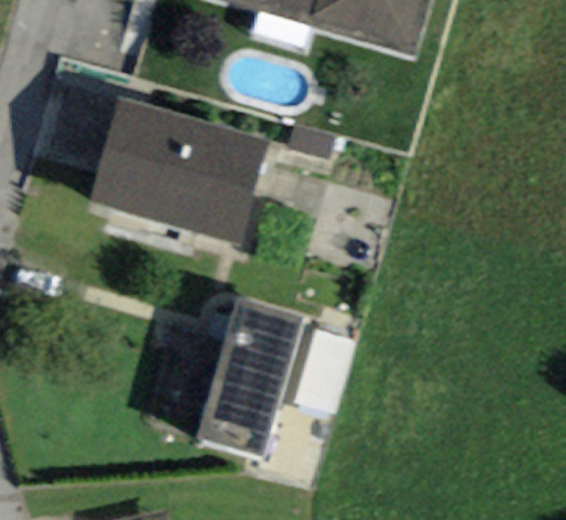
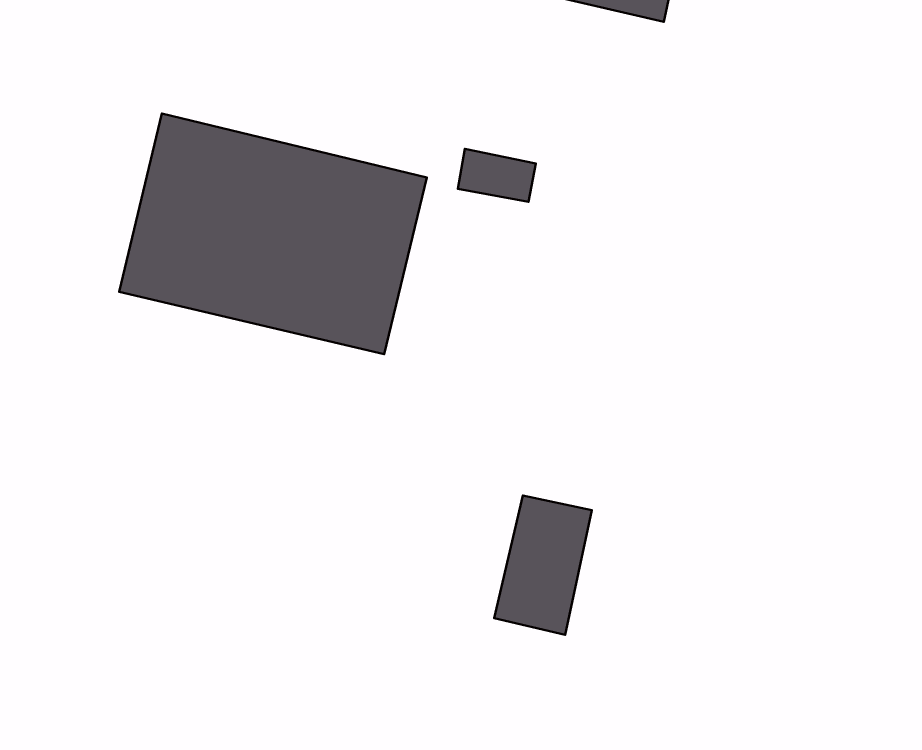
building: [195,297,303,459] -> none

